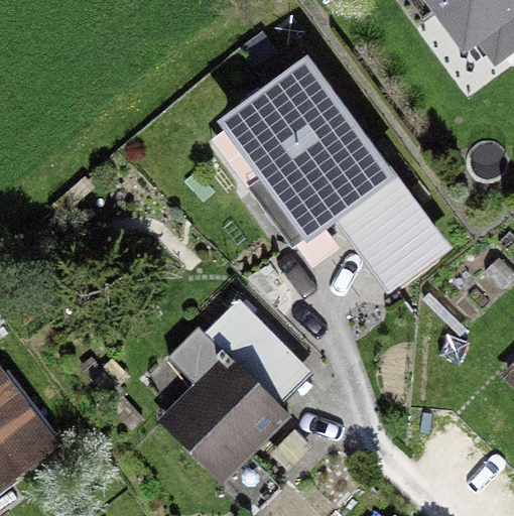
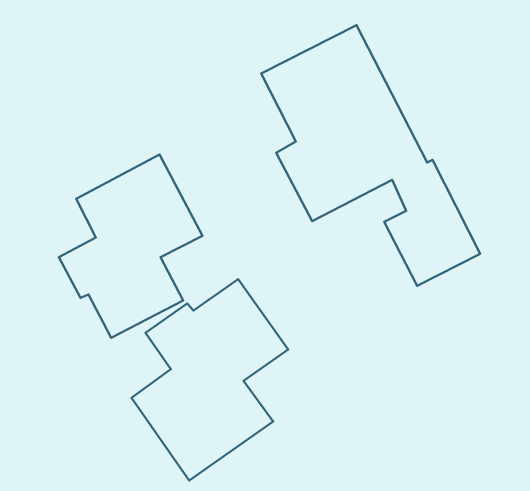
building: none -> [59,155,202,338]

